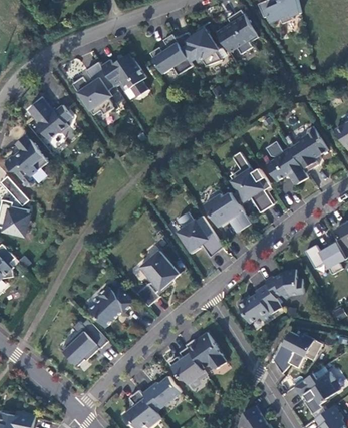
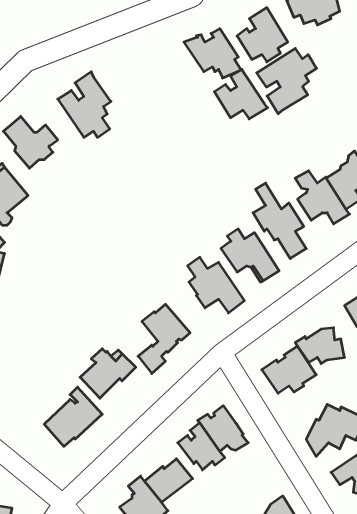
building: [149,34,193,74] -> [214,69,268,119]
building: none -> [257,48,317,114]
building: [100,53,147,96] -> none

